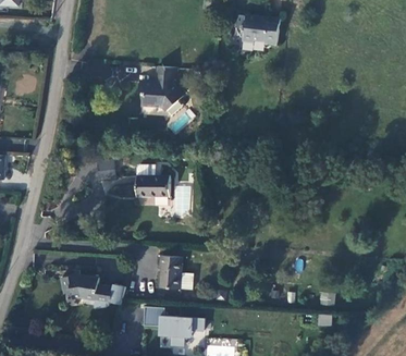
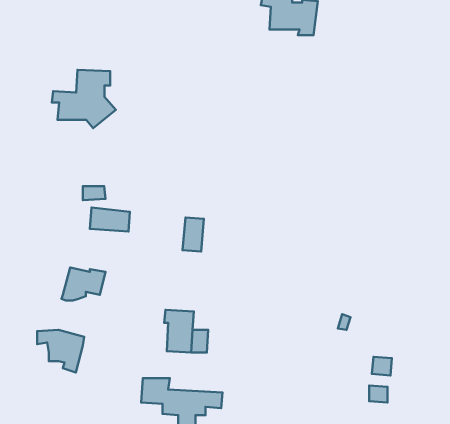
building: [135,66,184,111] -> [52,70,116,128]
building: [138,163,171,193] -> none
building: [93,282,126,307] -> [62,268,106,300]

